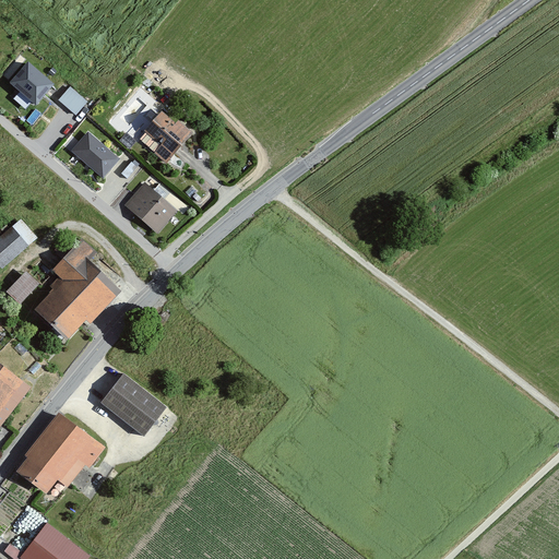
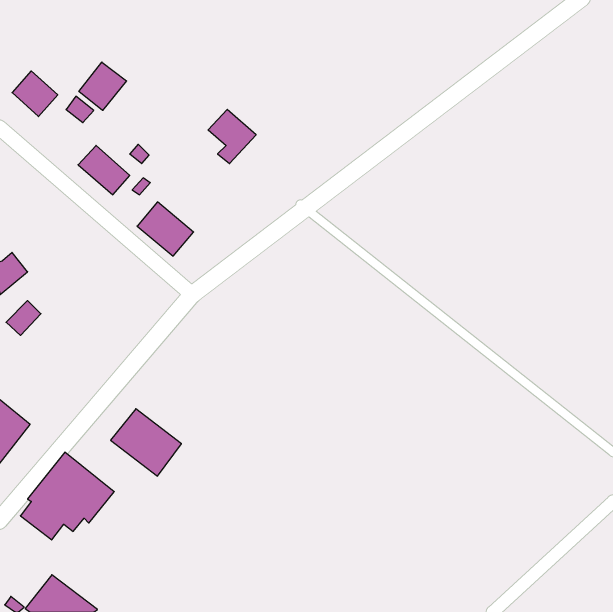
building: none -> [79,62,127,110]
building: [145,111,189,160] -> [208,109,256,164]
building: [36,242,115,343] -> none

